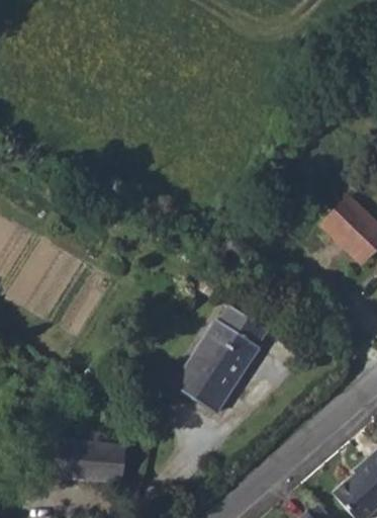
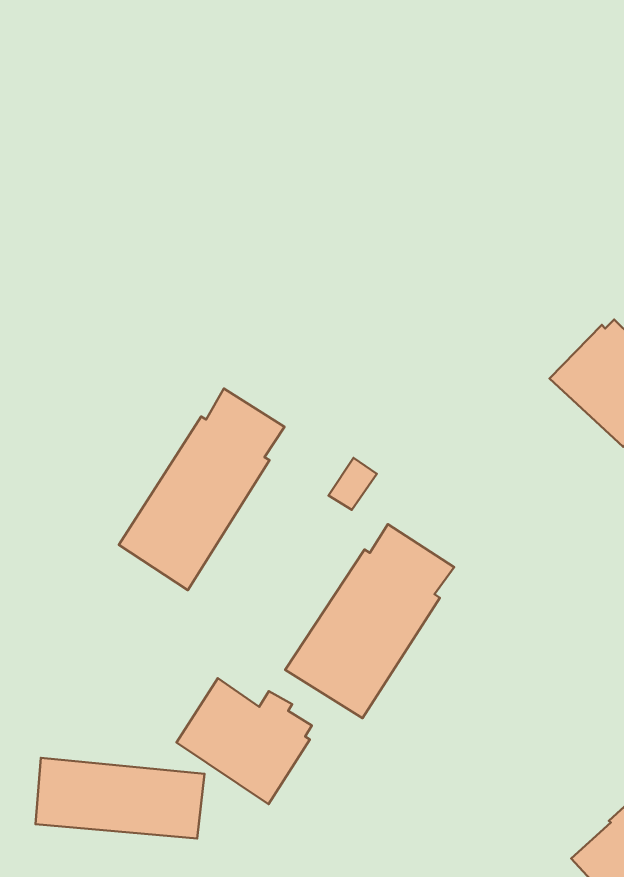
building: none -> [119,389,284,590]
building: none -> [176,678,312,804]

